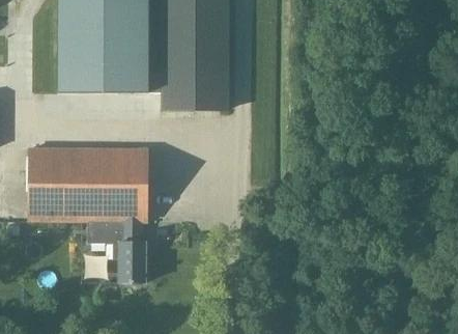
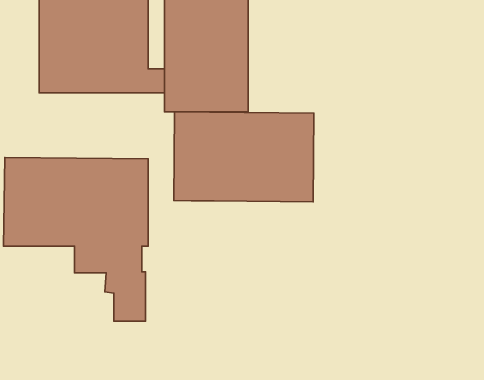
building: none -> [174,112,314,202]

